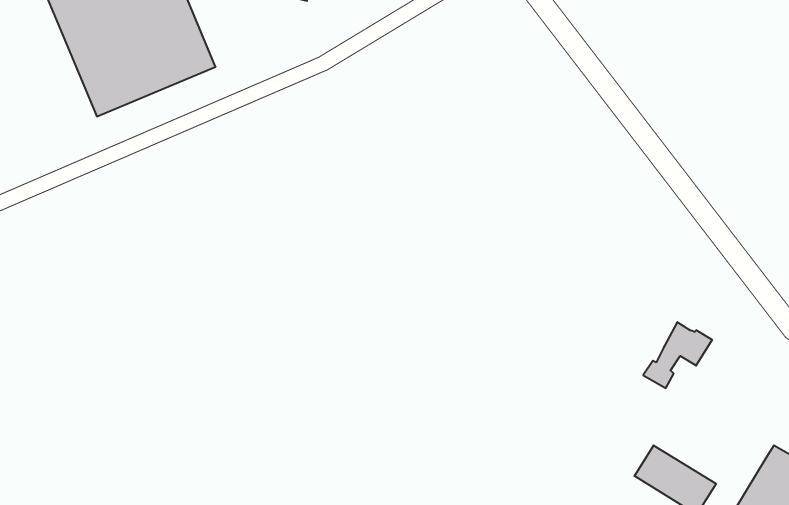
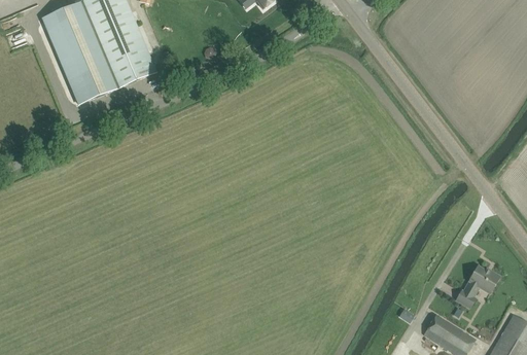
building: [643,322,712,388] -> [455,265,499,308]

